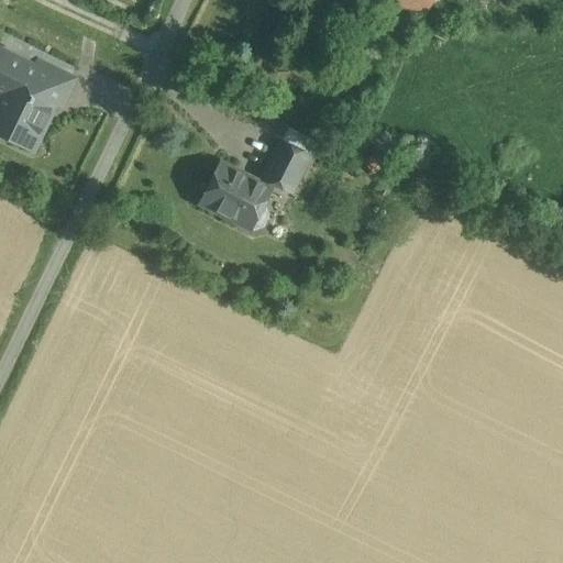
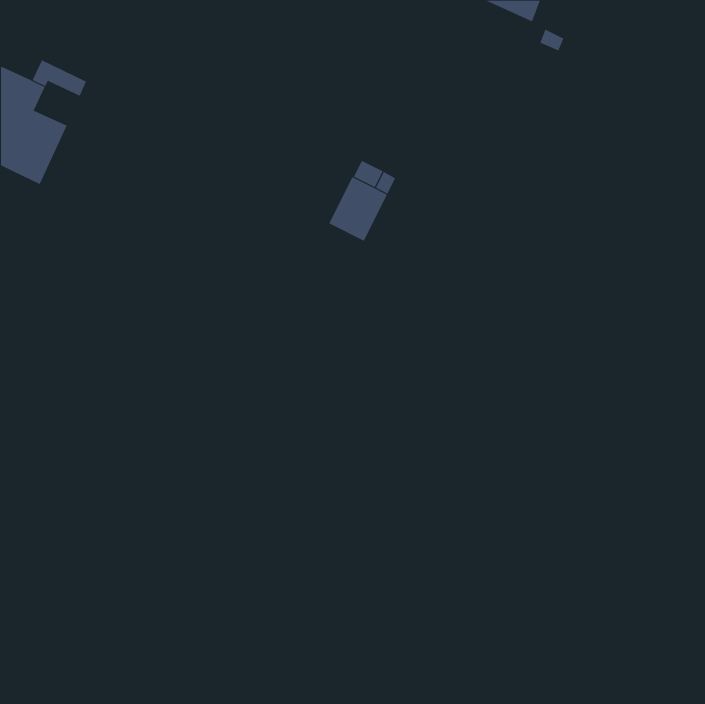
building: [27,66,70,103] -> none
building: [200,164,269,230] -> none

